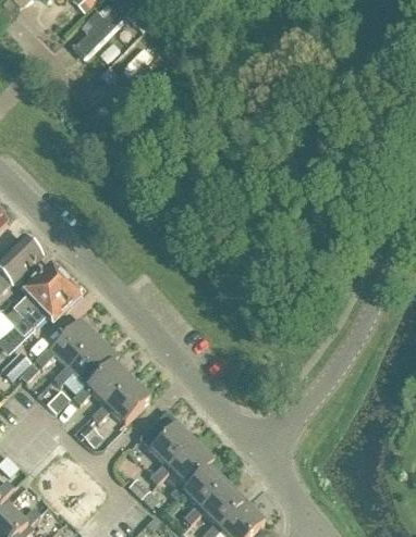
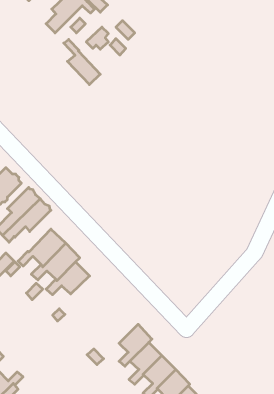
building: none -> [64,39,100,85]
building: [94,379,150,423] -> none
building: [140,411,196,484] -> none

